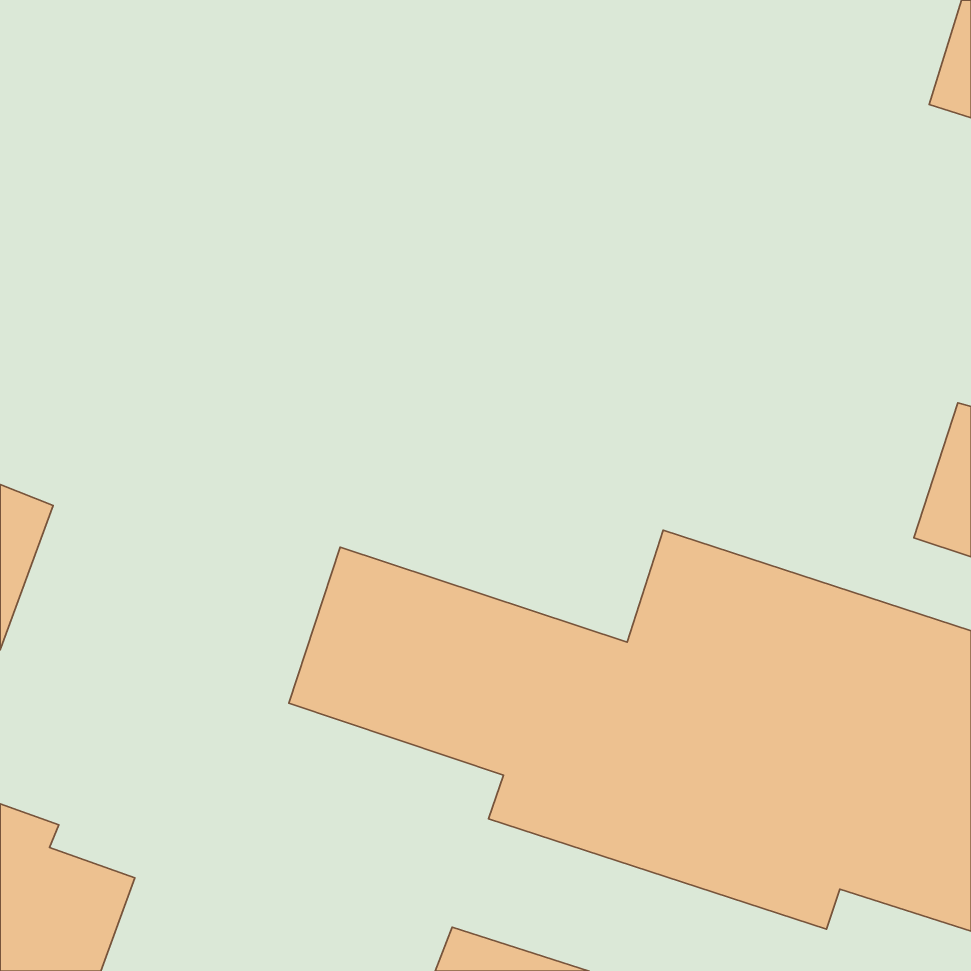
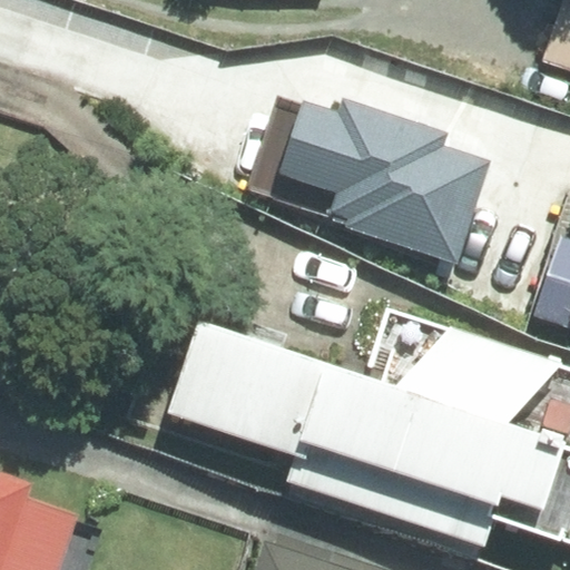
building: none -> [248,98,490,263]

